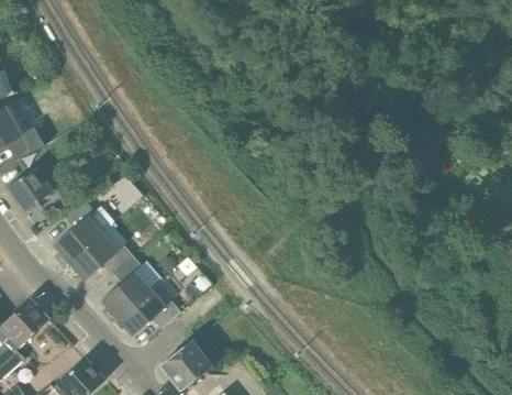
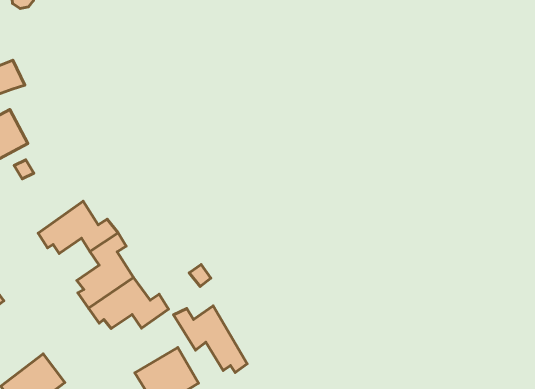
building: [57,200,102,264] -> none
building: none -> [174,306,247,372]

